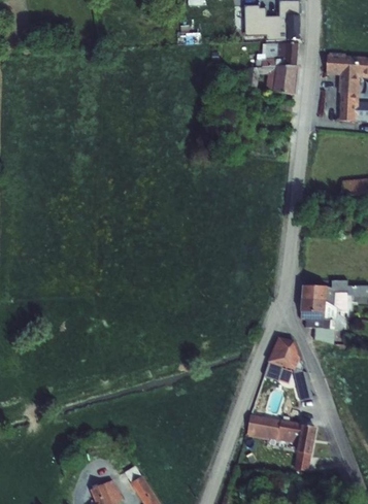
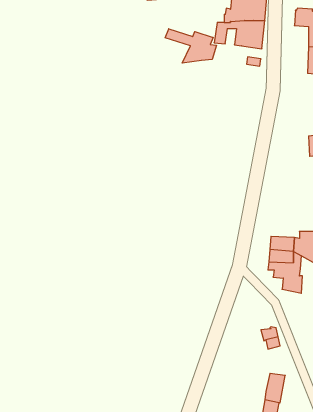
building: none -> [165,29,216,63]
building: [264,337,303,380] -> none
building: [247,414,302,443] -> none

